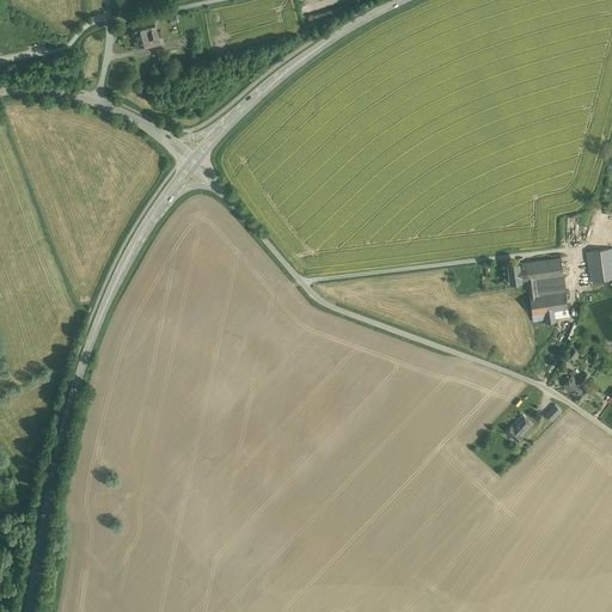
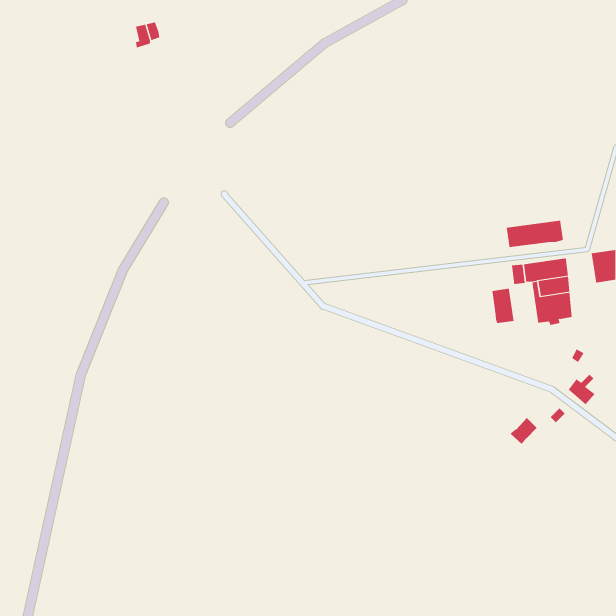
building: none -> [506,220,563,248]
building: none -> [492,288,514,324]

